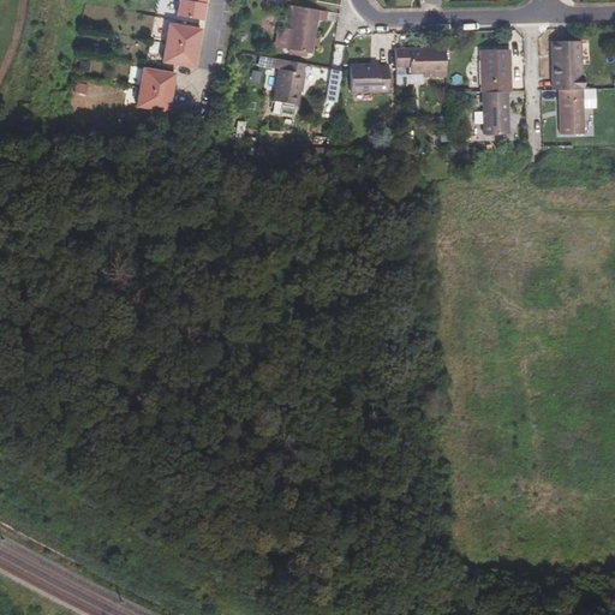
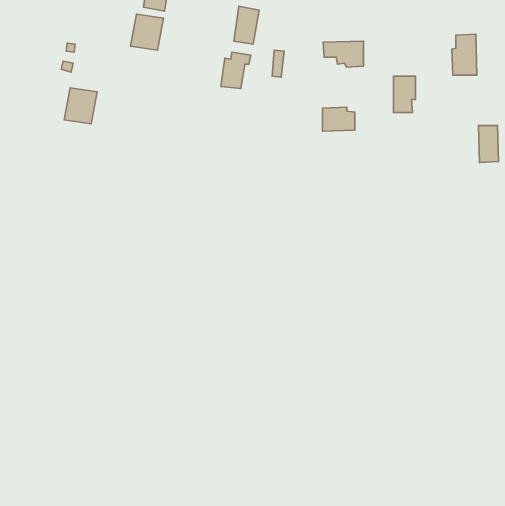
building: [479,49,510,91] -> none
building: [139,62,179,106] -> [64,88,97,124]
building: [353,62,392,91] -> [323,107,355,131]
building: [557,90,581,135] -> [479,125,499,162]

